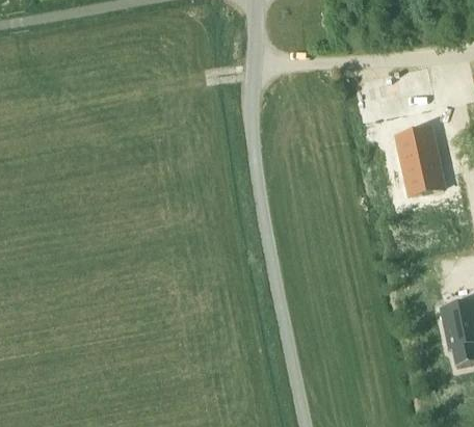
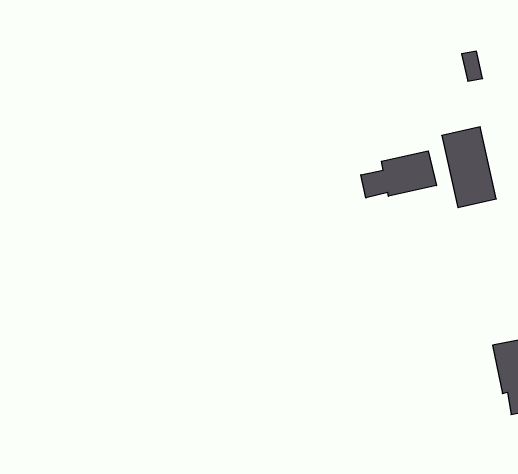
building: none -> [361,151,436,198]

